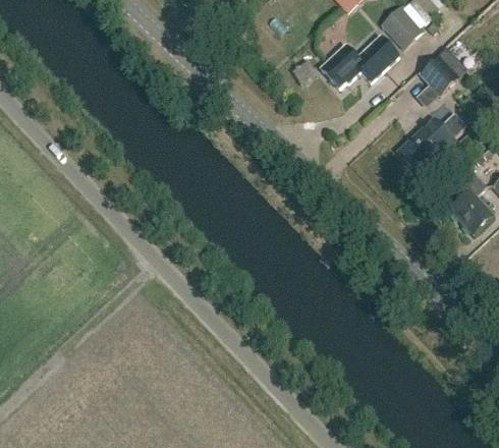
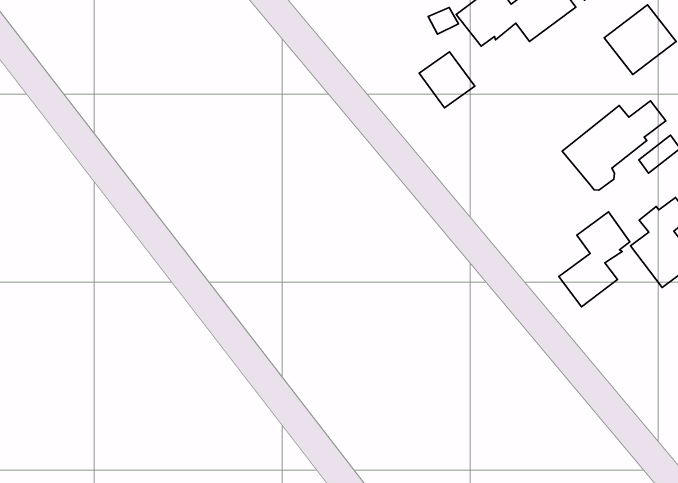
building: none -> [419,52,475,108]
building: none -> [559,212,630,307]

